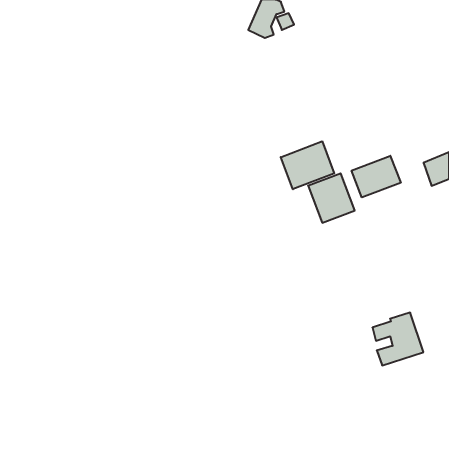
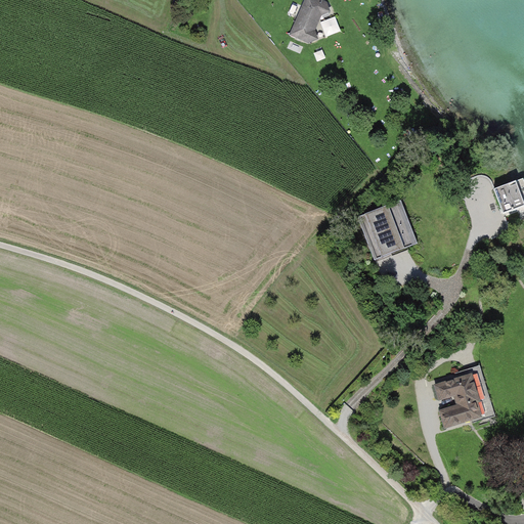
building: [281,141,334,189] -> none
building: [352,156,401,197] -> none

